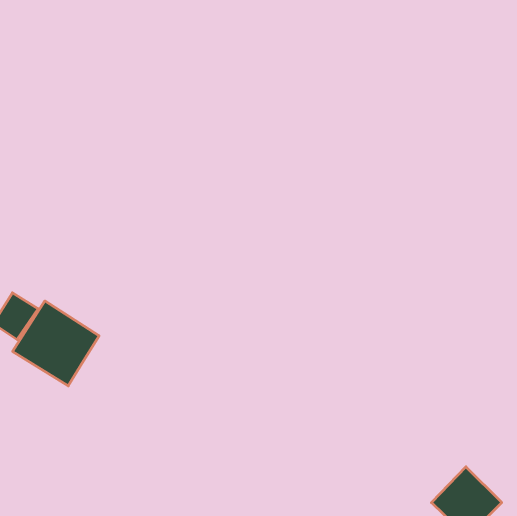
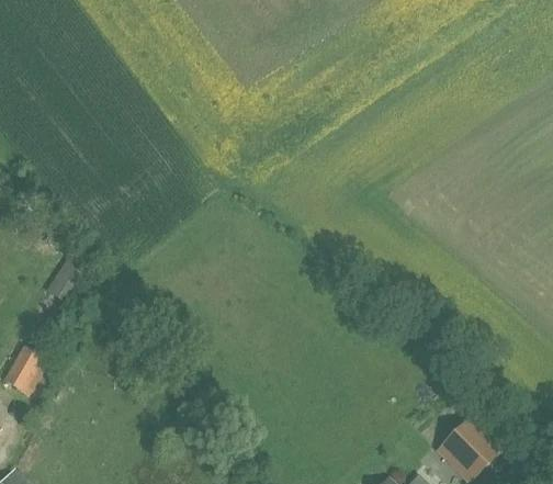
building: [13,301,99,386] -> none

